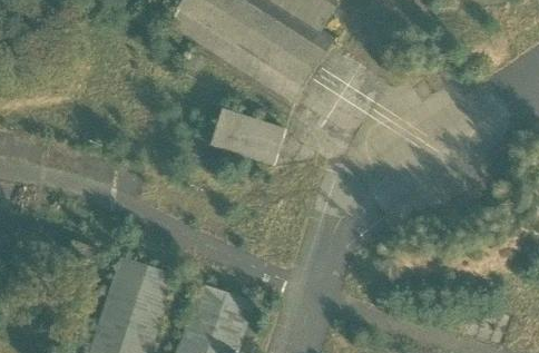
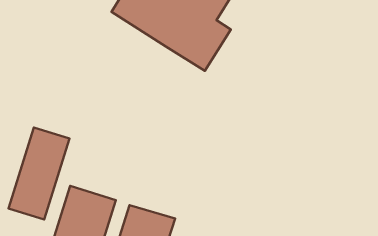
building: [210,108,274,163] -> none
building: none -> [9,128,69,219]

